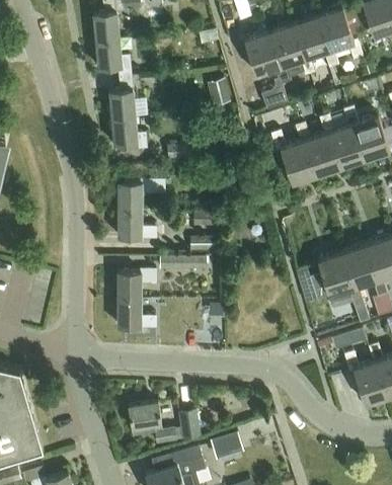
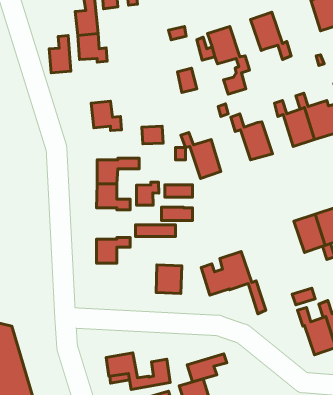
building: [316,7,364,61] -> none
building: [268,23,314,77] -> none
building: [108,76,133,118] -> [49,36,71,73]
building: [295,124,340,176] -> [181,132,221,179]
building: none -> [137,182,159,205]
building: [296,253,370,324] -> [201,252,266,314]
building: [116,301,155,329] -> none
building: none -> [187,354,227,382]

